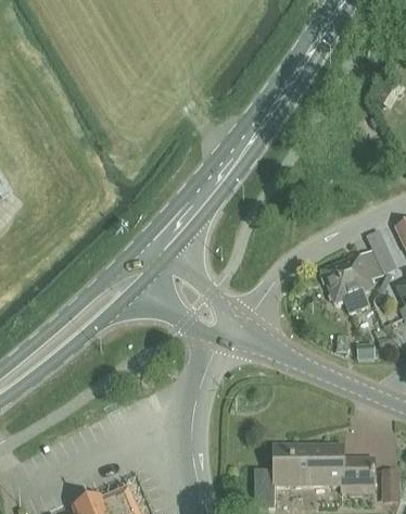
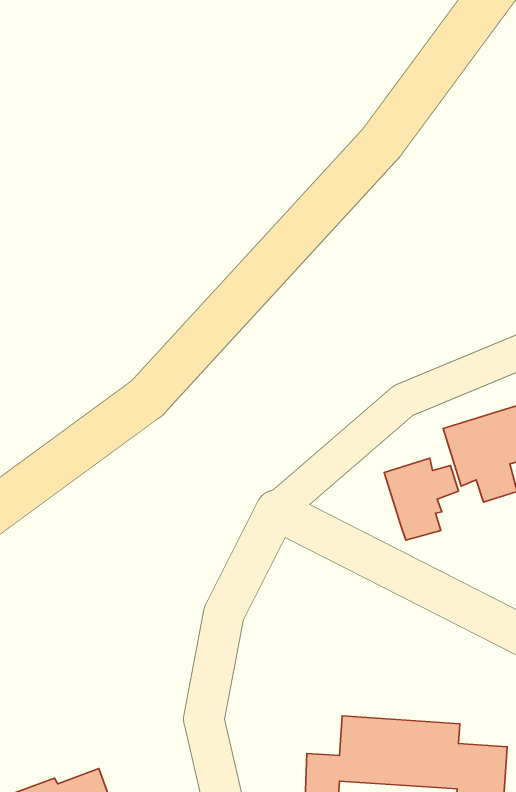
building: none -> [384,458,459,540]

